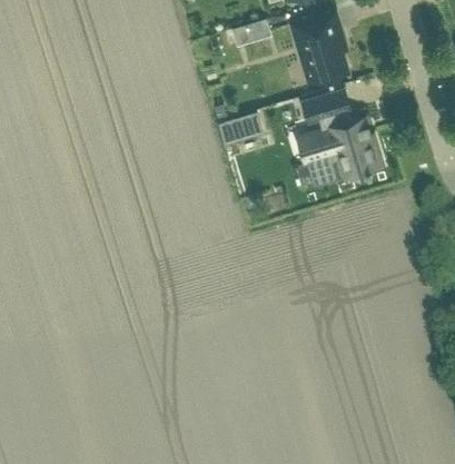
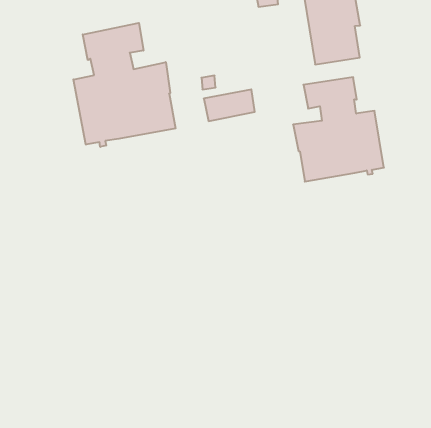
building: none -> [73,23,176,147]

